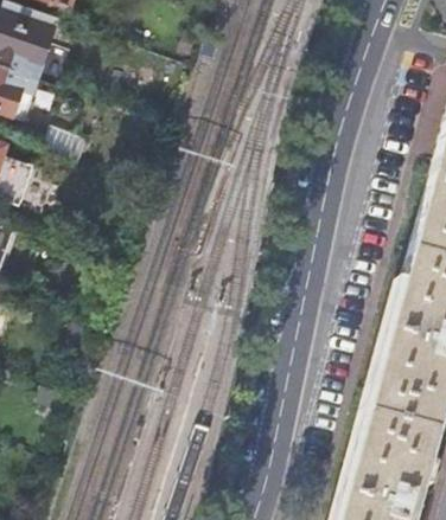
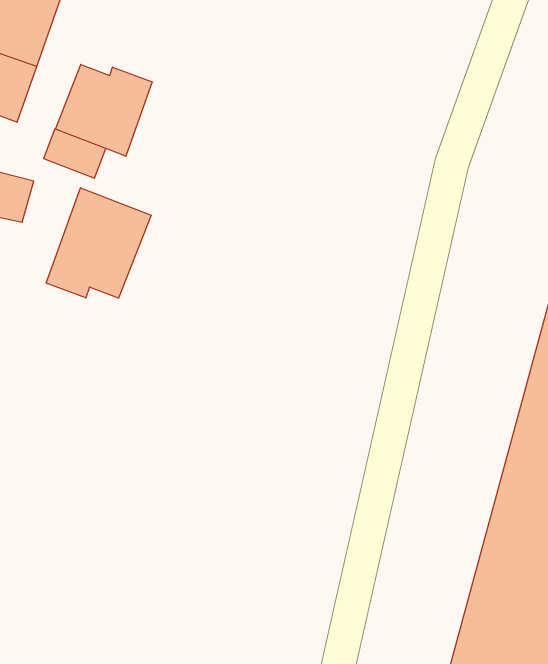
building: none -> [55,64,152,156]
building: none -> [46,188,151,298]

